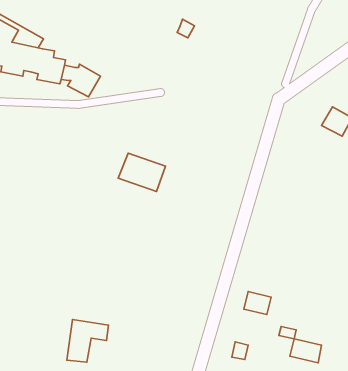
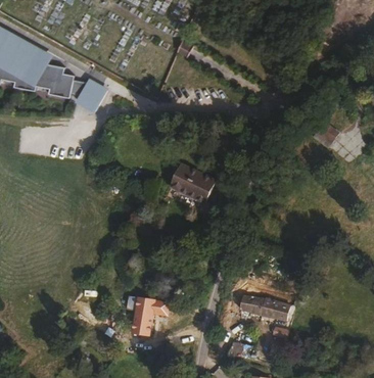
building: [118,153,165,191] -> [171,166,215,201]
building: [67,320,109,362] -> [131,296,170,336]
building: [290,339,321,363] -> [261,298,290,321]

